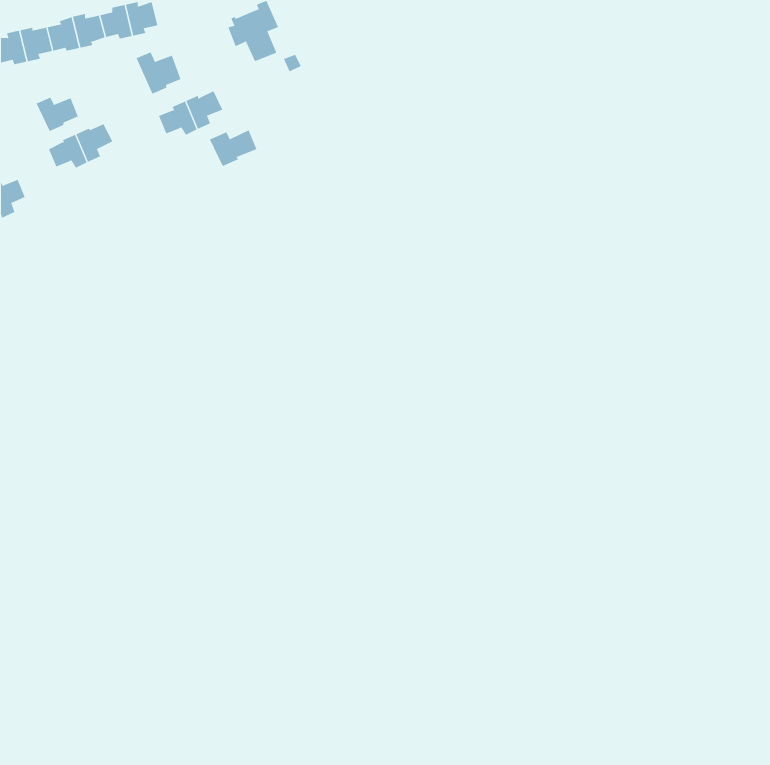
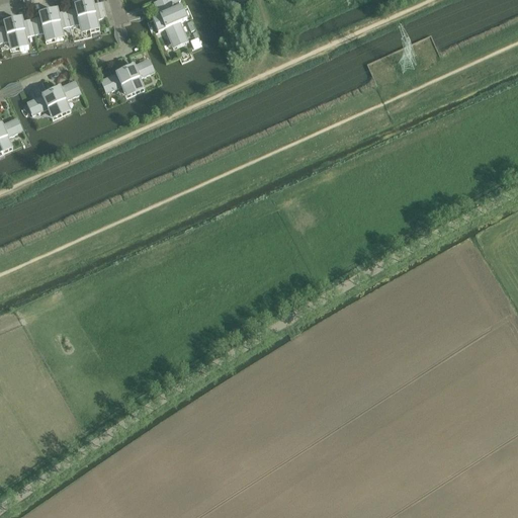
building: [136,52,181,94] -> none
building: [36,97,78,132] -> none
building: [209,130,257,167] -> none

